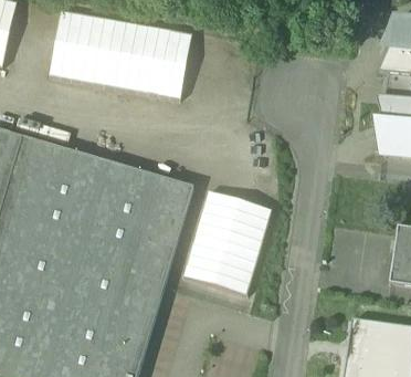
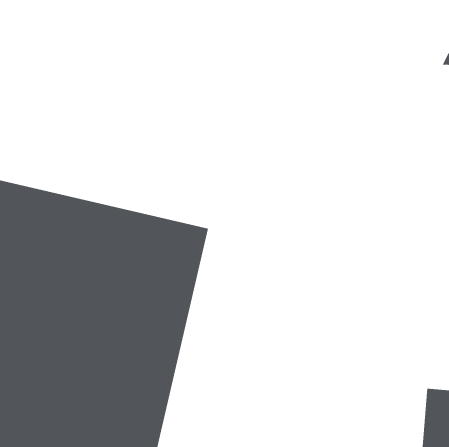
building: [55,15,197,105] -> none
building: [183,190,270,293] -> none

